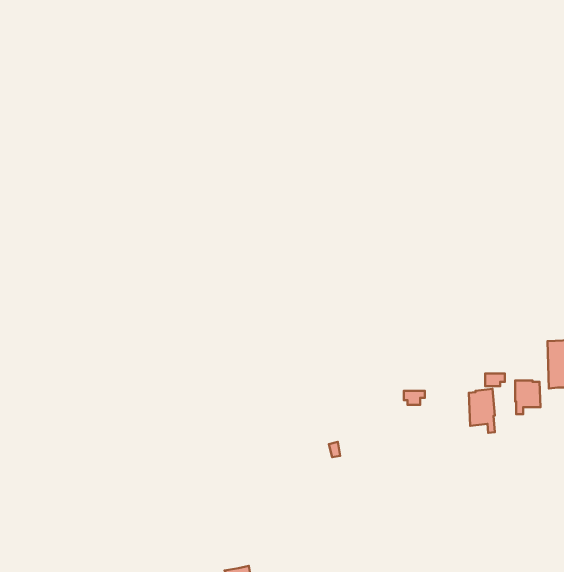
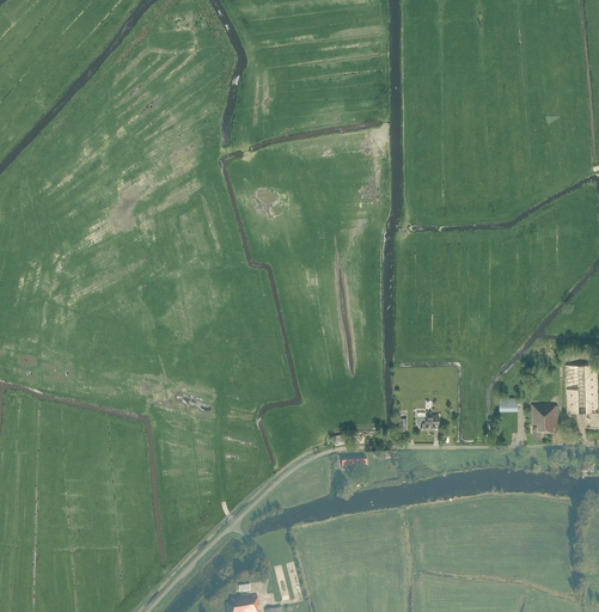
building: [469,389,495,433] -> none

